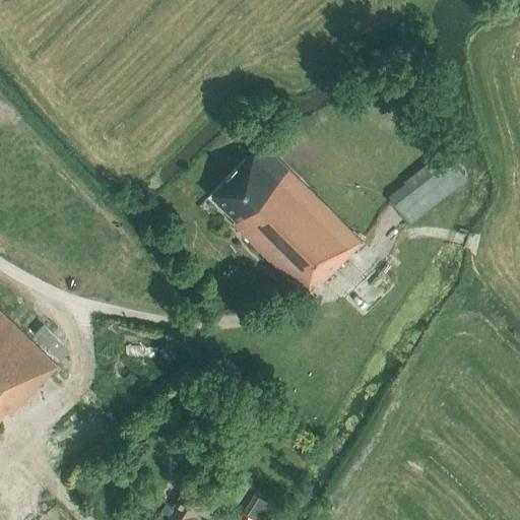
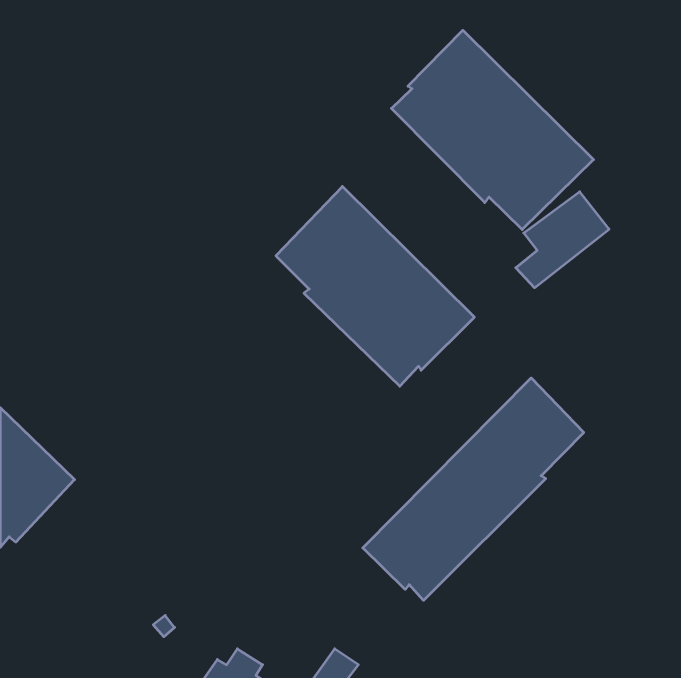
building: none -> [391,30,594,230]
building: none -> [363,378,584,600]

